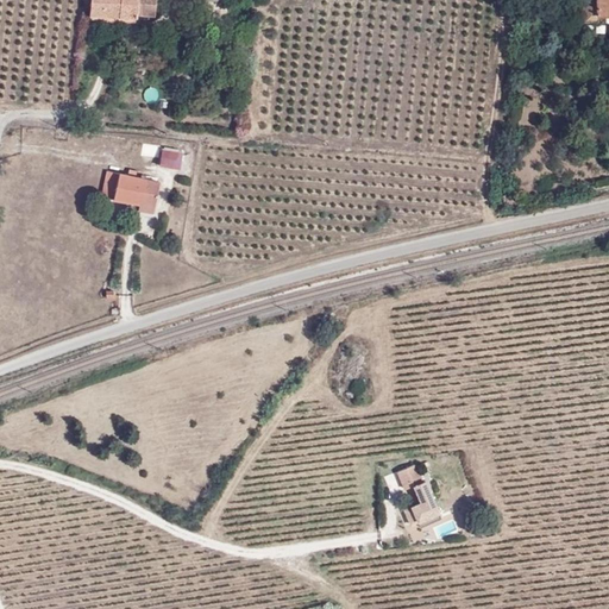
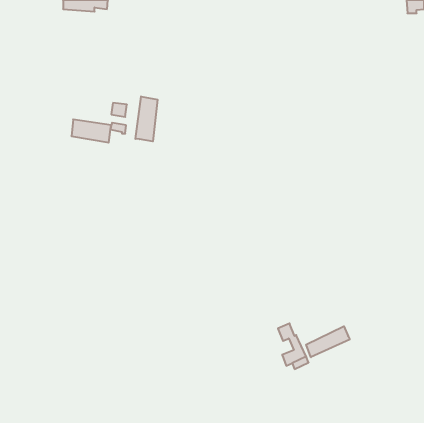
building: none -> [135,96,158,141]
building: none -> [306,326,350,357]

